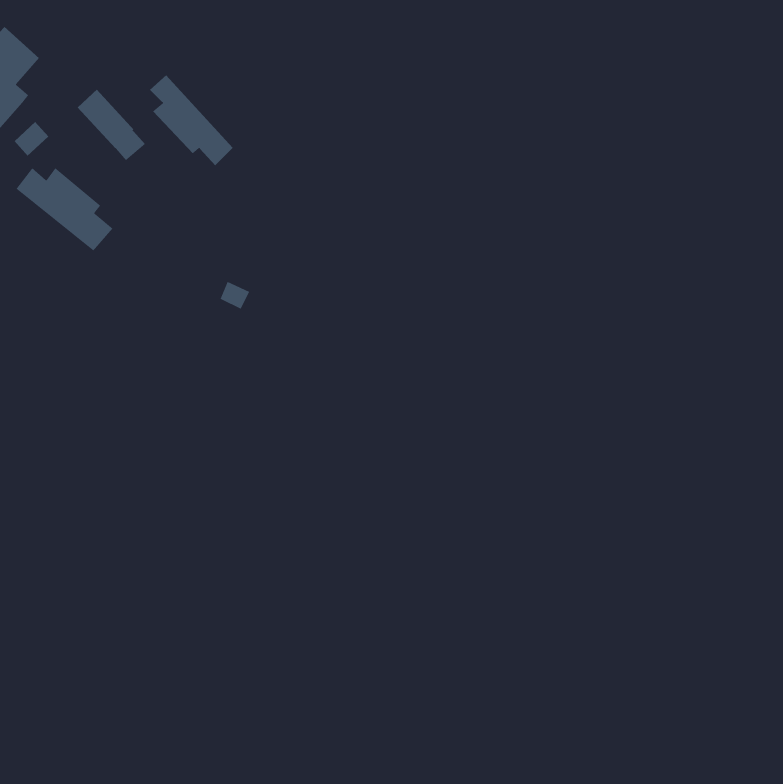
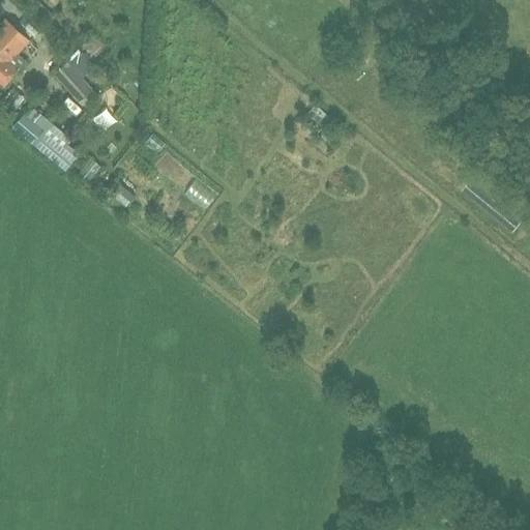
building: [149,75,233,166] -> none

